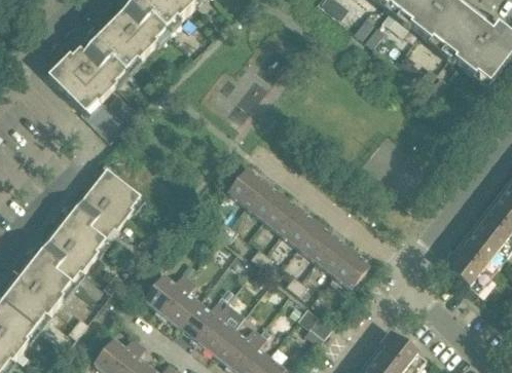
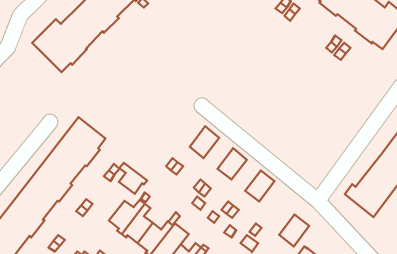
building: [226,165,264,204] -> none
building: [262,193,299,232] -> none
building: [297,221,334,260] -> none
building: none -> [119,163,147,194]
building: [332,248,370,288] -> [279,214,309,246]

